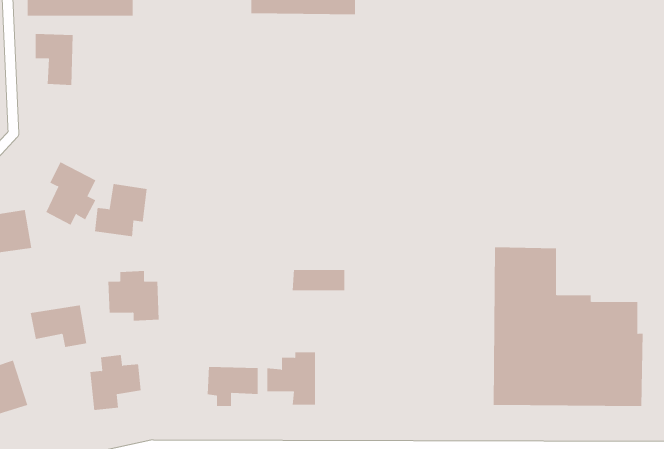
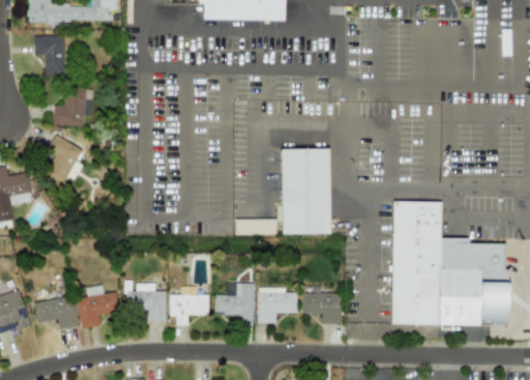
building: none -> [282,149,331,235]
building: [94,184,147,237] -> [53,86,94,127]
building: [107,270,159,321] -> [126,283,167,322]
building: [30,305,87,348] -> [33,296,78,329]
building: none -> [258,287,297,323]
building: none -> [301,293,342,324]

